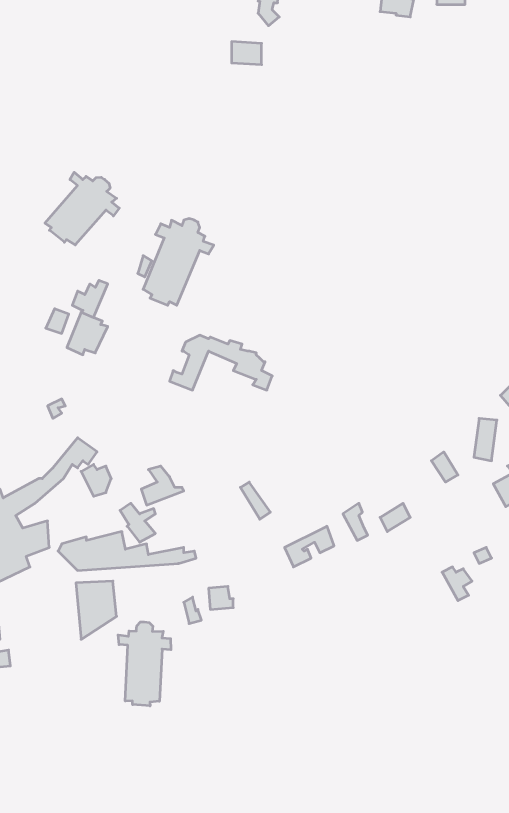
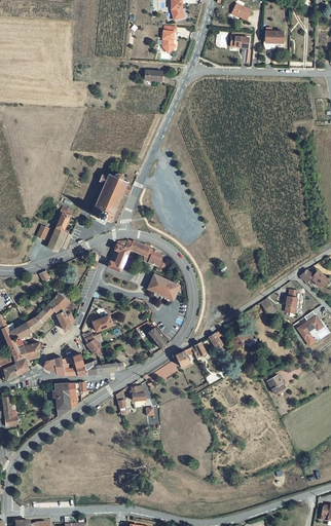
building: [45,172,119,245] -> none
building: none -> [148,278,180,303]
building: [118,622,171,706] -> none

